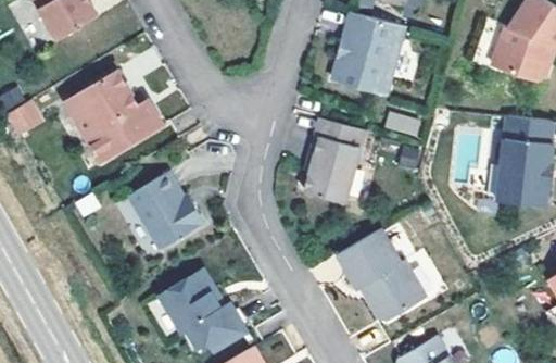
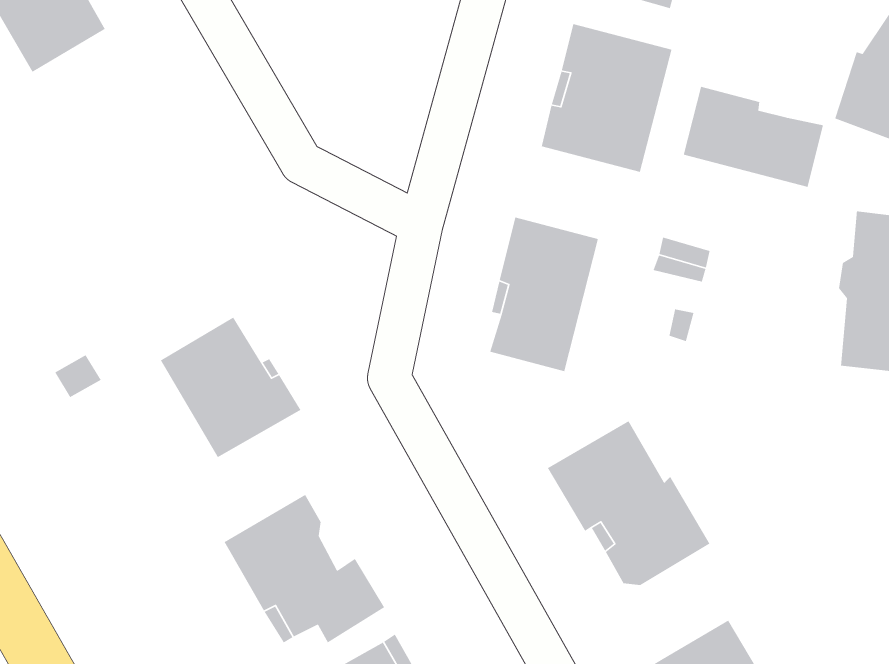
building: none -> [683,86,824,188]
building: [63,72,160,162] -> none

